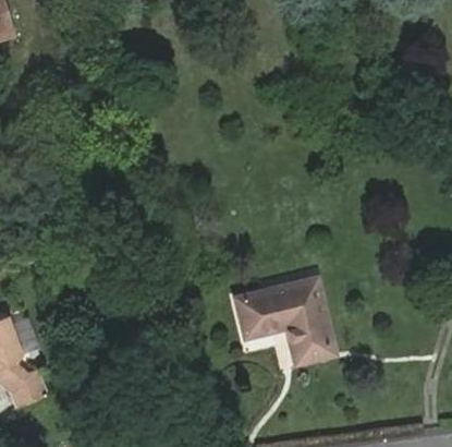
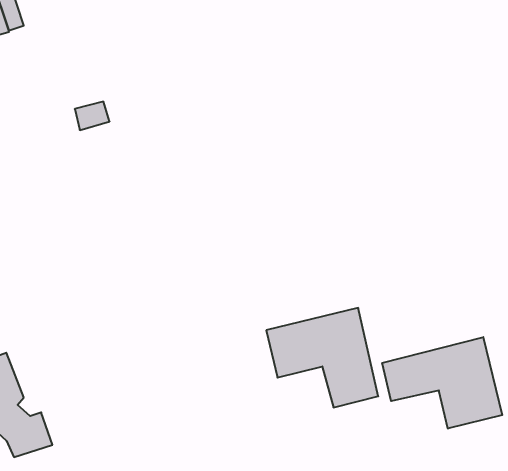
building: none -> [382,337,502,429]

